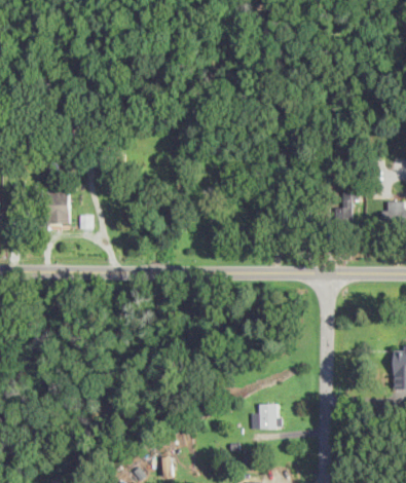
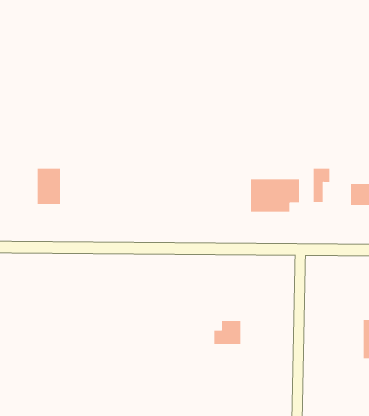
building: none -> [250,178,299,212]
building: [251,404,281,430] -> [214,320,241,344]

